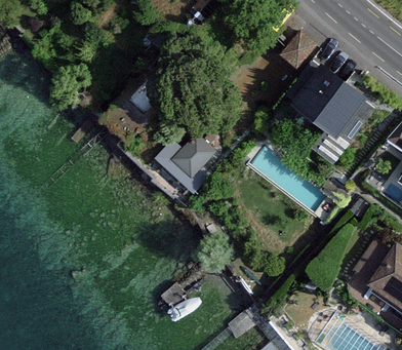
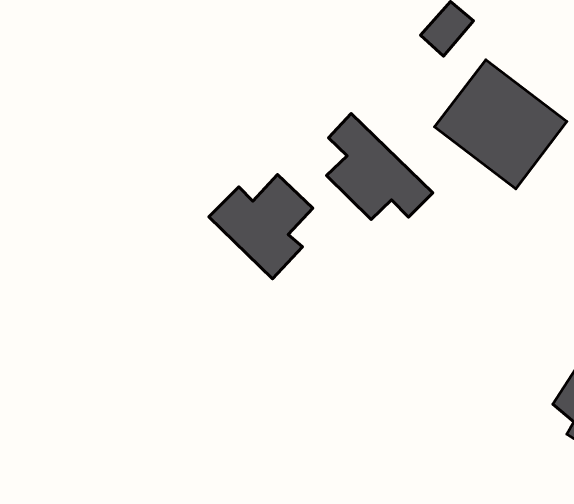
building: none -> [326,113,433,220]

